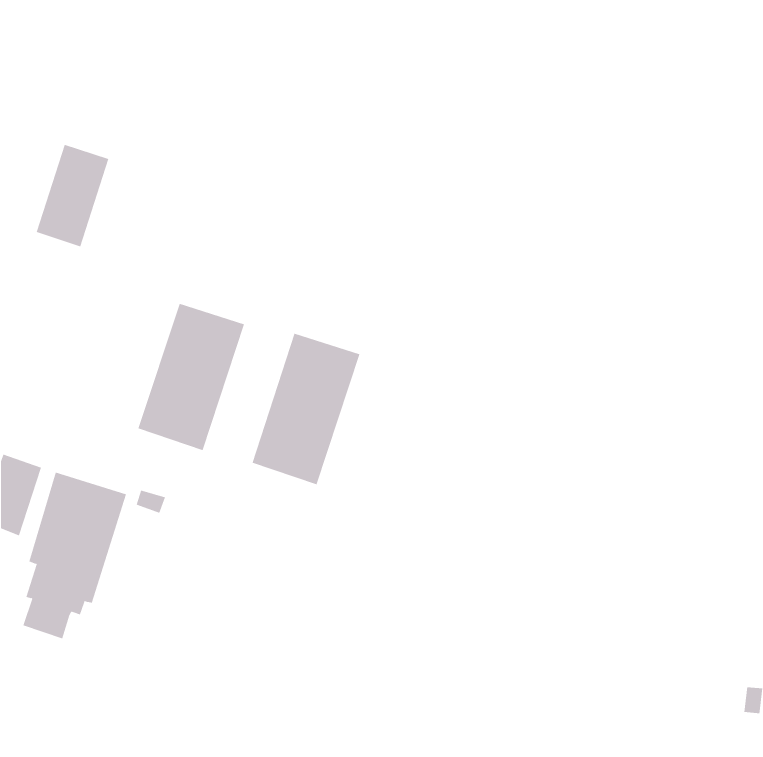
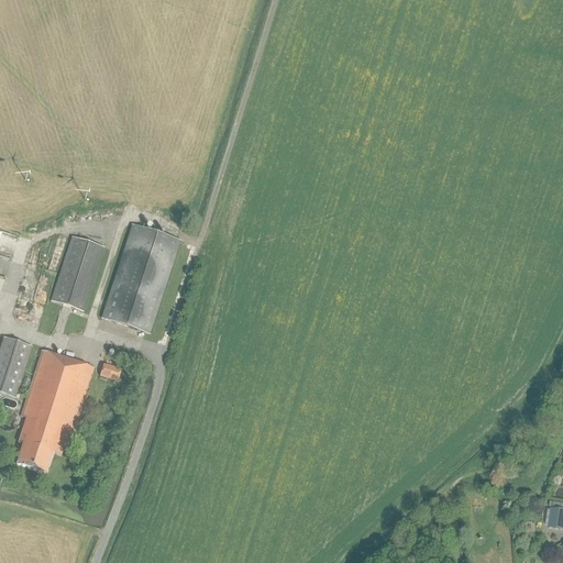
building: [36,144,109,247] -> [51,233,104,309]
building: [252,333,360,485] -> none

